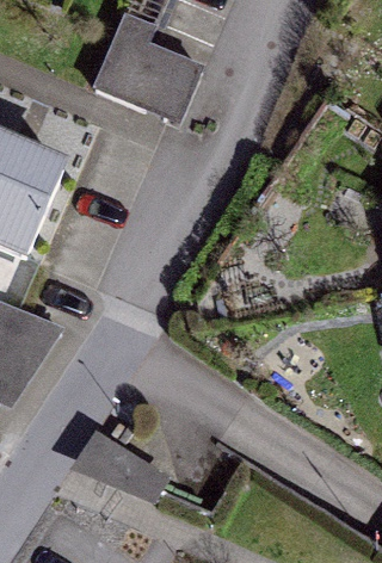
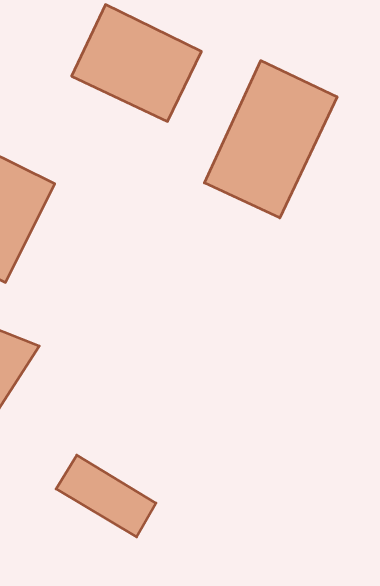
building: none -> [204,61,337,218]

